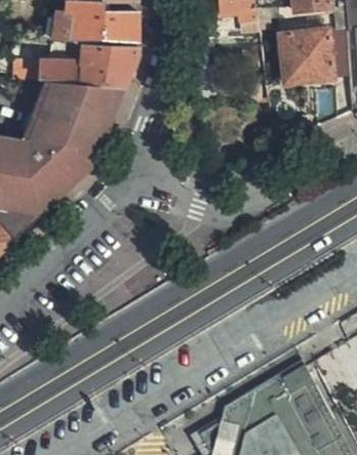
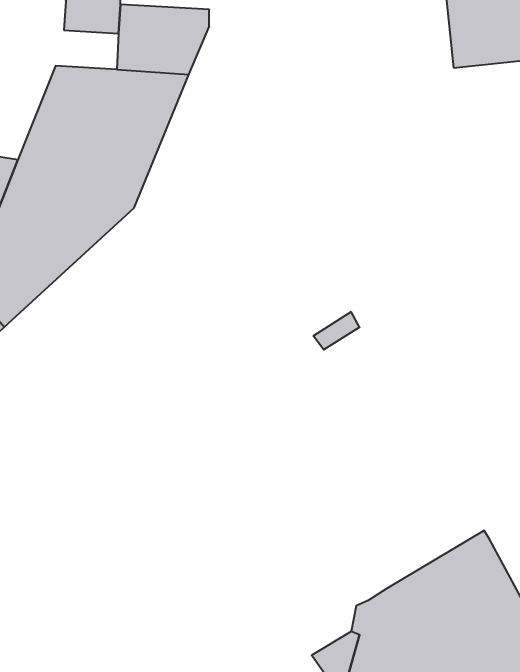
building: [41,59,83,83] -> none

